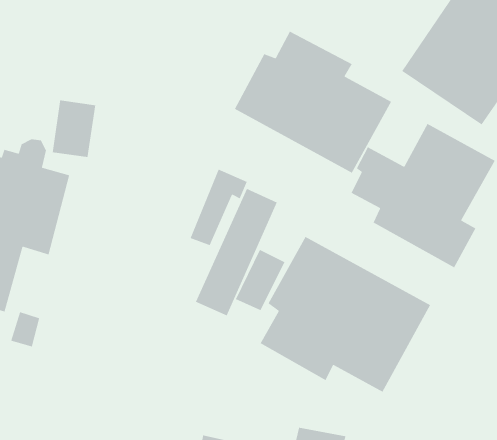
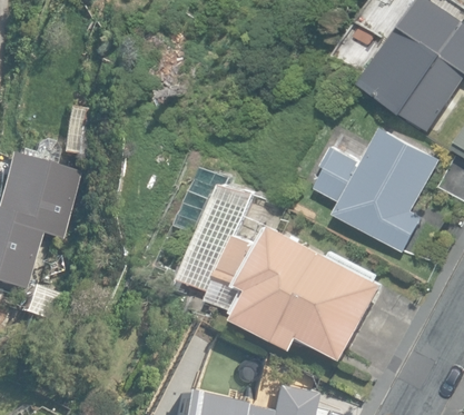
building: [234,31,392,174] -> none

